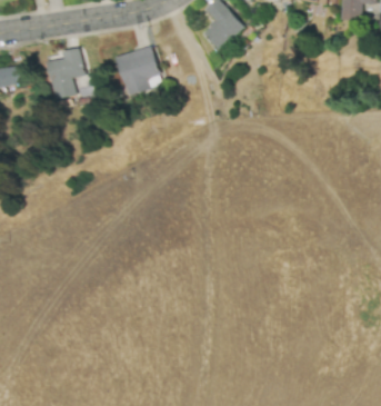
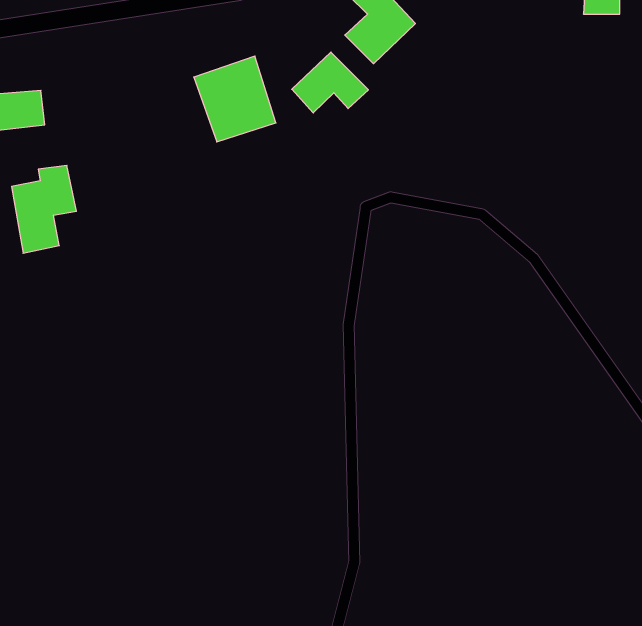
building: none -> [292,52,368,113]
building: [47,49,84,100] -> [12,165,76,253]

